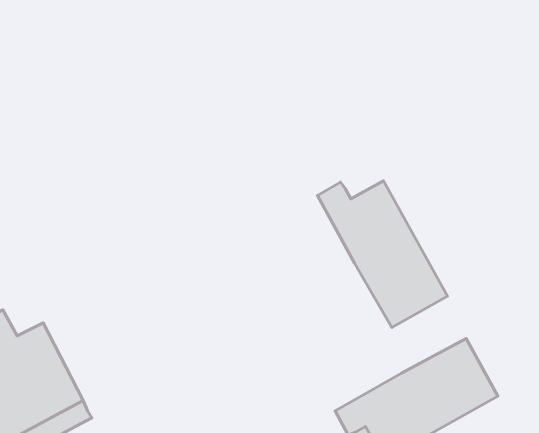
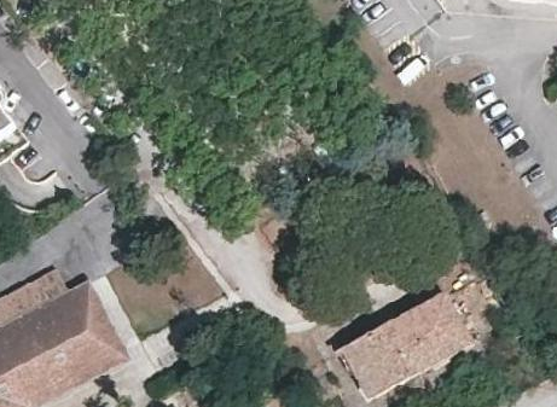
building: [317,181,447,328] -> none

